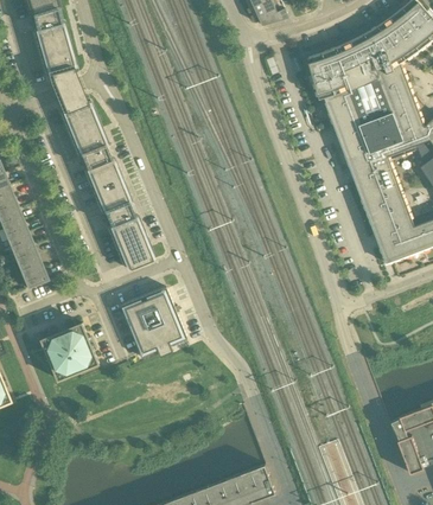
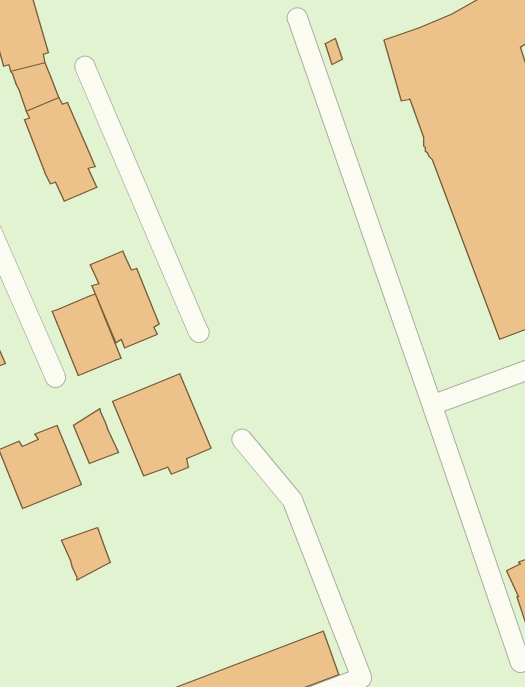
building: [84,159,132,215] -> [52,294,121,375]
building: none -> [74,409,118,464]
building: none -> [62,528,110,580]

